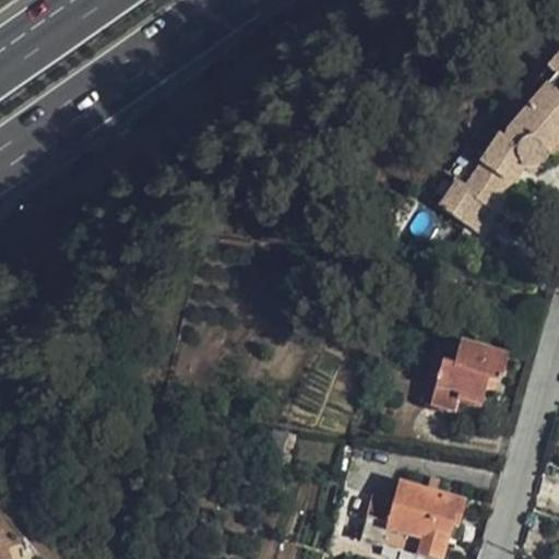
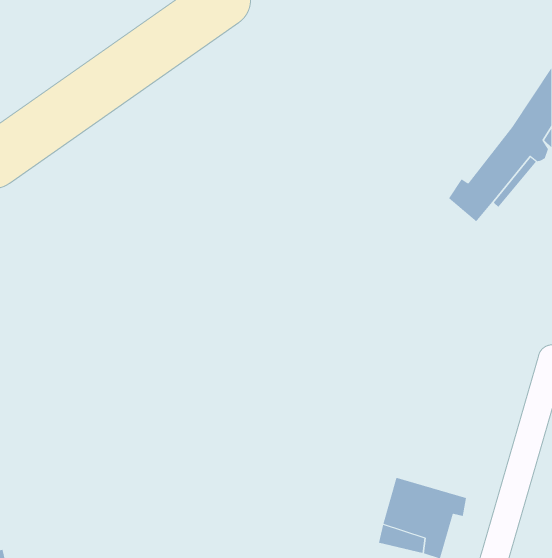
building: [433,336,509,401] -> none

